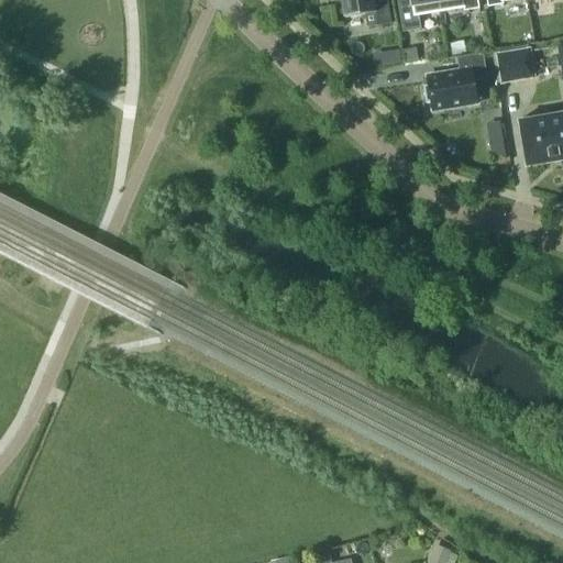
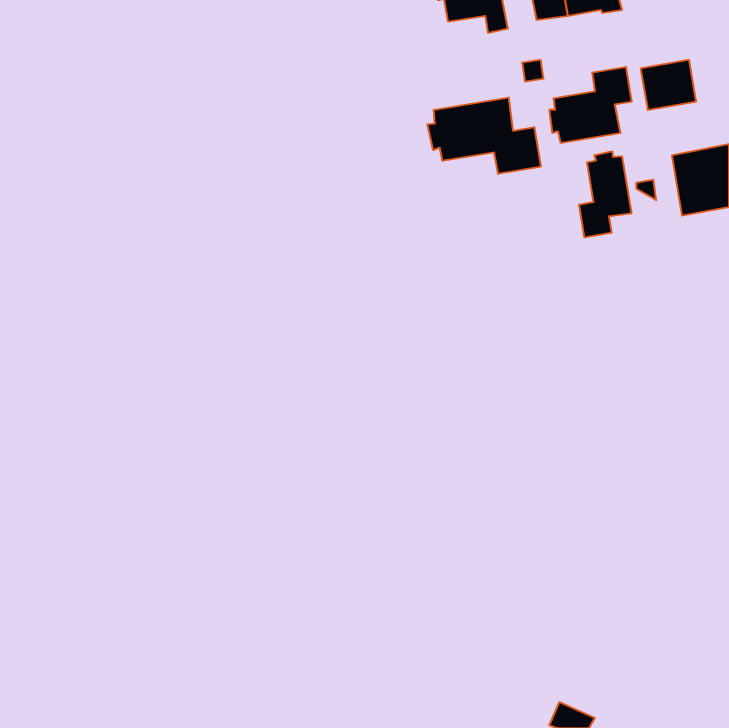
building: none -> [428,97,541,174]
building: none -> [579,151,631,237]

